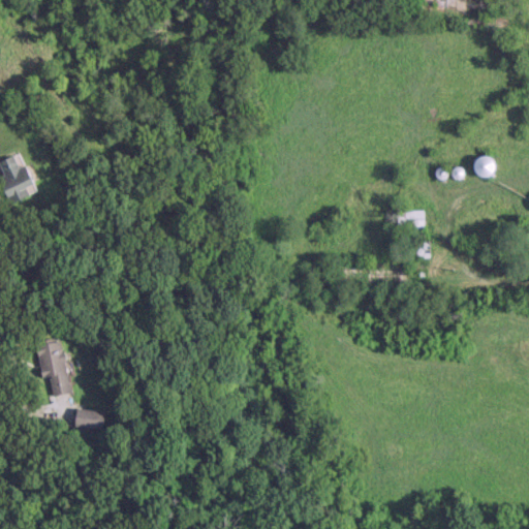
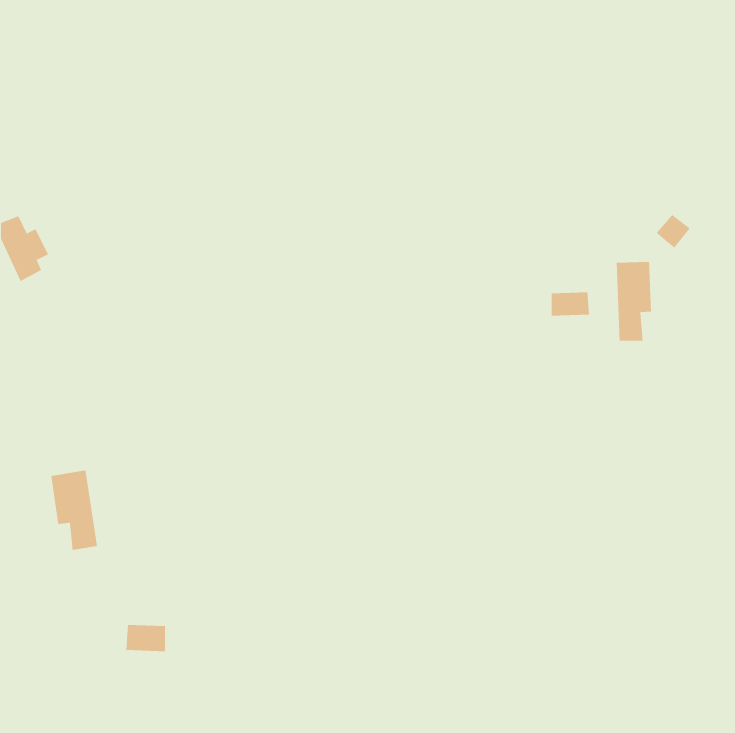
building: none -> [616,261,652,342]
building: [75,409,104,429] -> [126,624,166,652]

